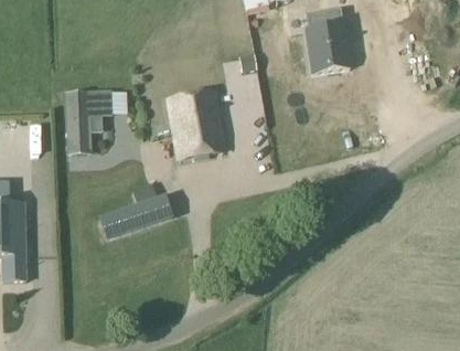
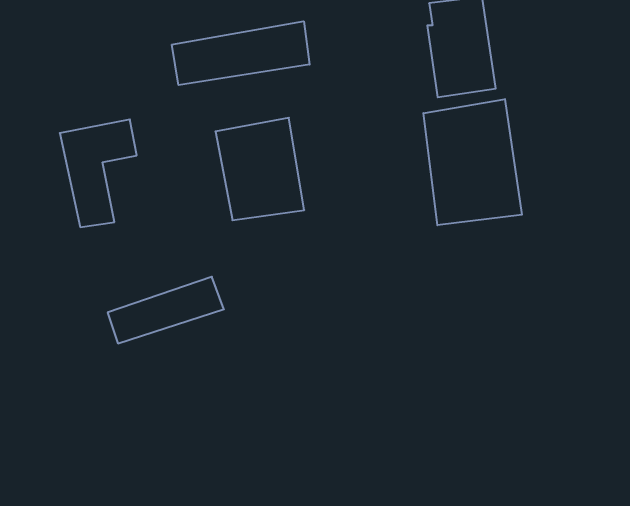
building: none -> [172,21,310,85]
building: none -> [423,99,522,225]

